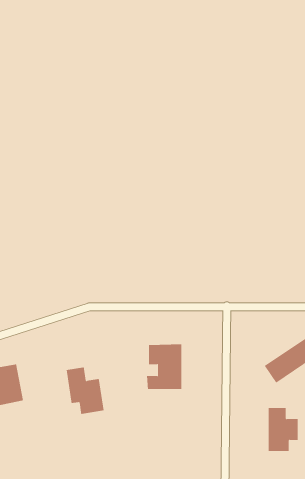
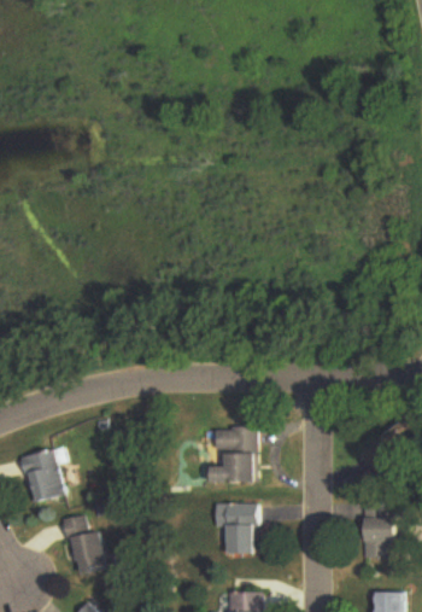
building: [66,367,105,415] -> [61,517,109,575]
building: none -> [213,505,257,555]

